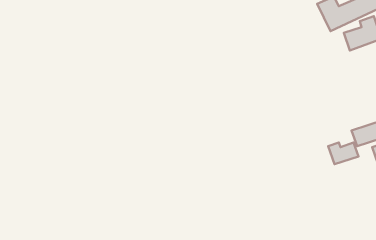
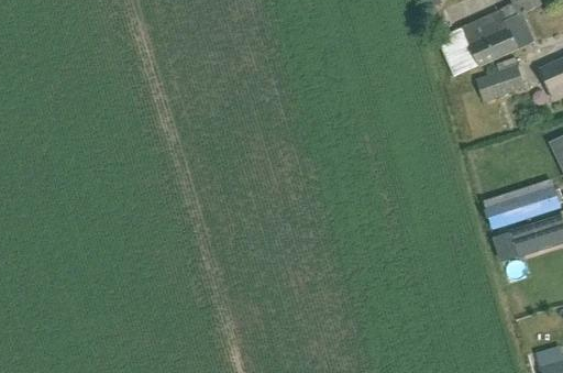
building: [328,142,358,164] -> none

